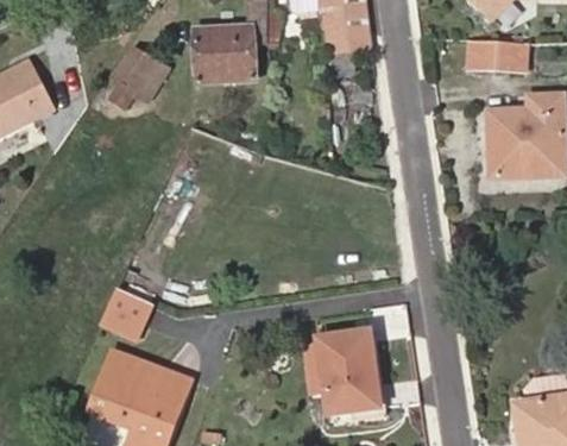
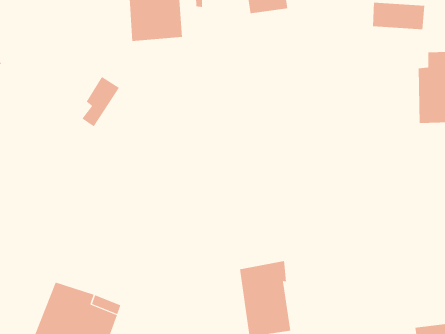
building: [111,46,153,103] -> [81,76,120,127]
building: [487,113,519,176] -> none
building: [102,284,151,333] -> none

